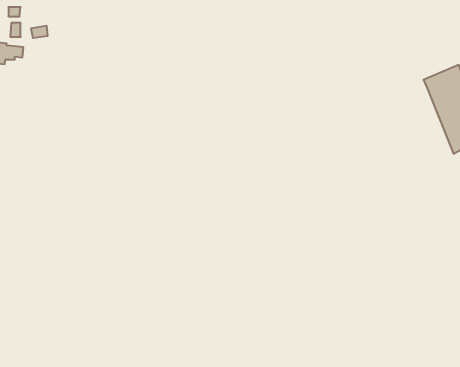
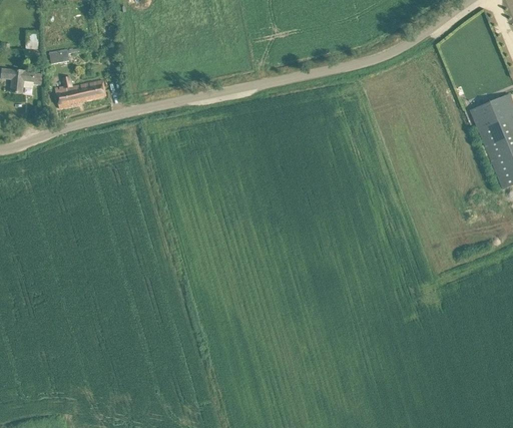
building: none -> [55,76,106,108]

